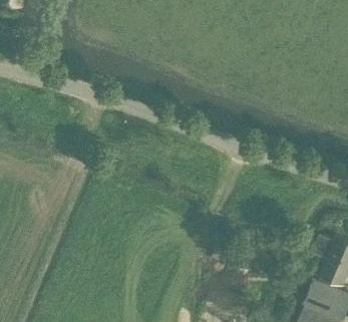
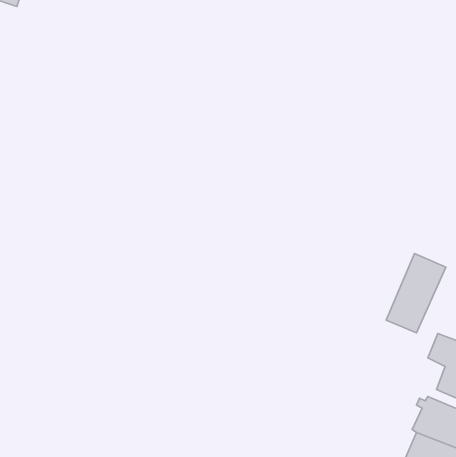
building: none -> [386,254,446,333]

